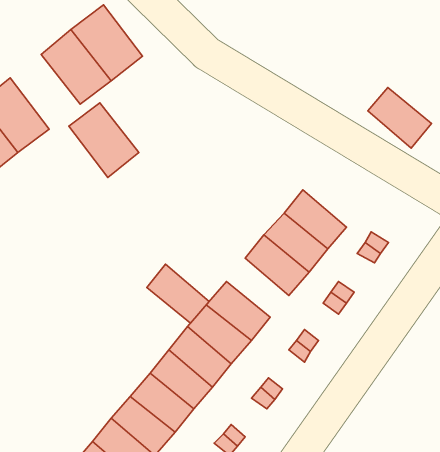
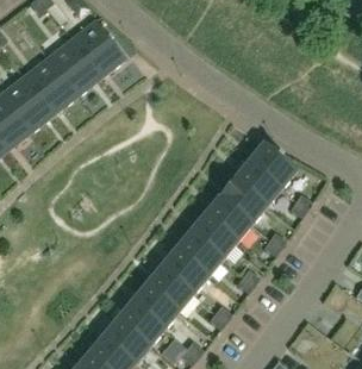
building: [368,88,432,148] -> [248,144,297,190]
building: [69,103,139,177] -> [24,58,77,115]
building: [147,264,209,323] -> [189,214,237,259]

